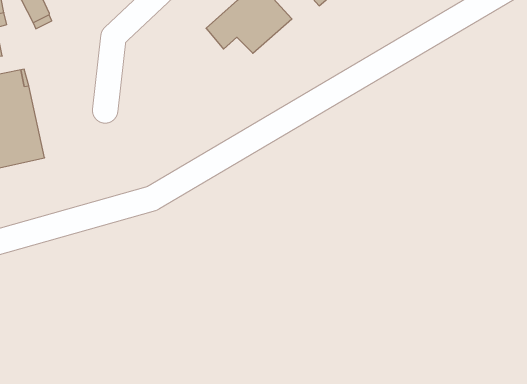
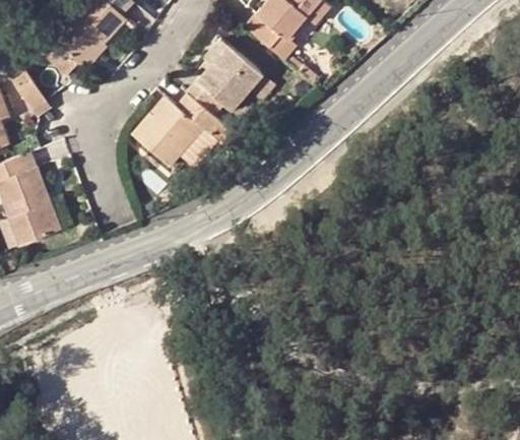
building: none -> [132,95,219,167]

